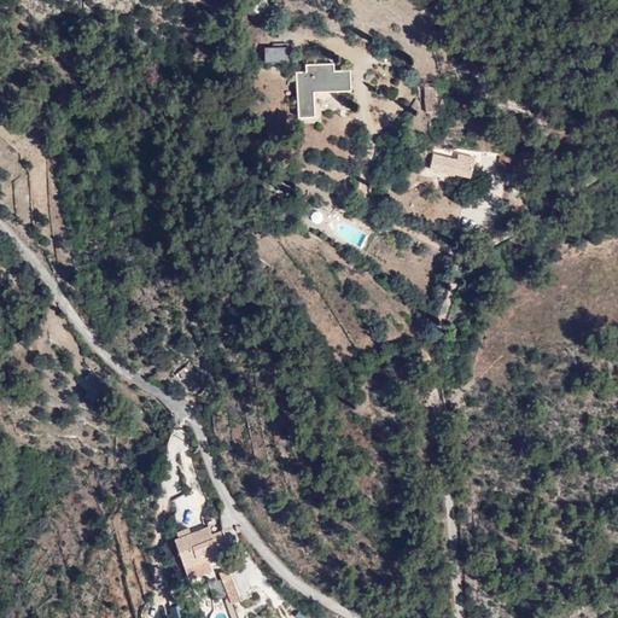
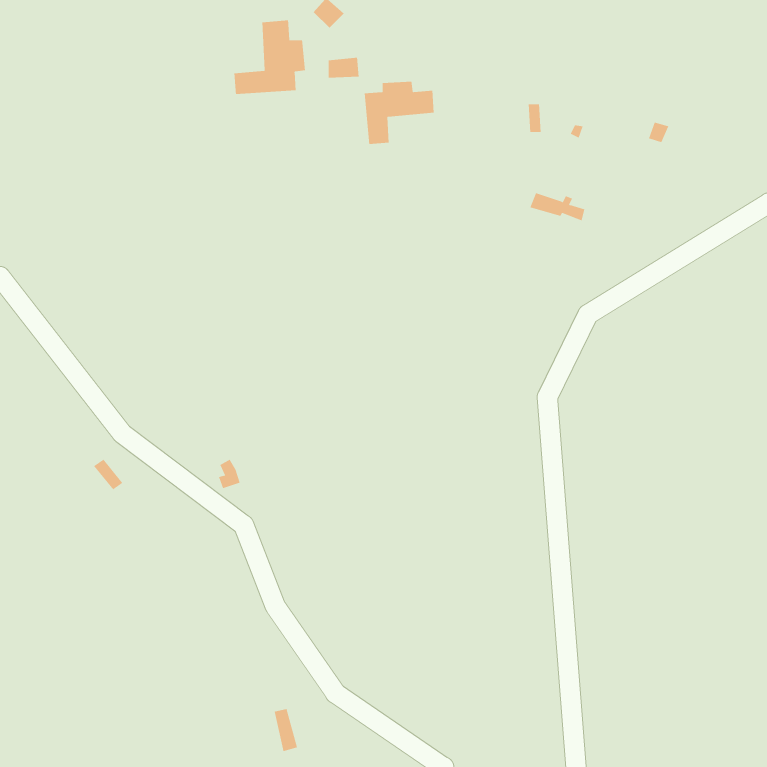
building: none -> [234,20,306,95]
building: [175,525,220,577] -> none

